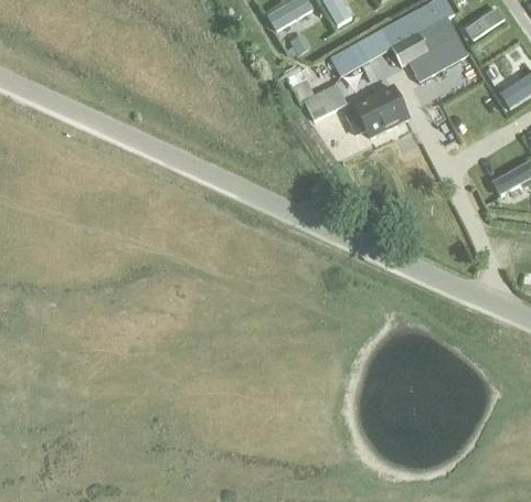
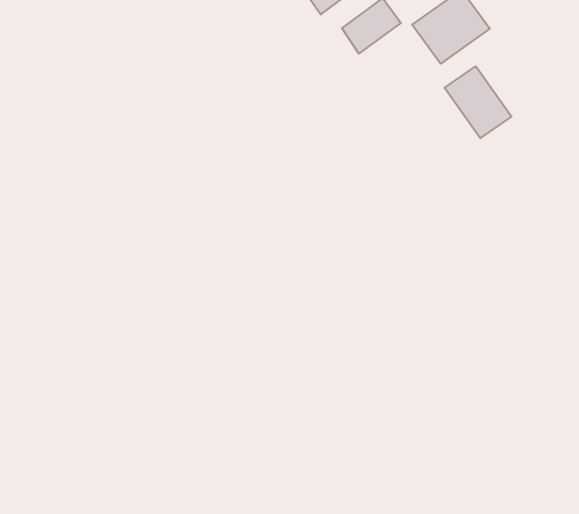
building: none -> [444,66,512,138]

